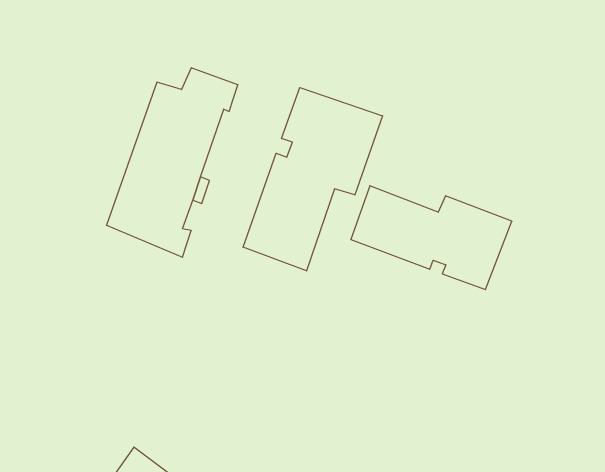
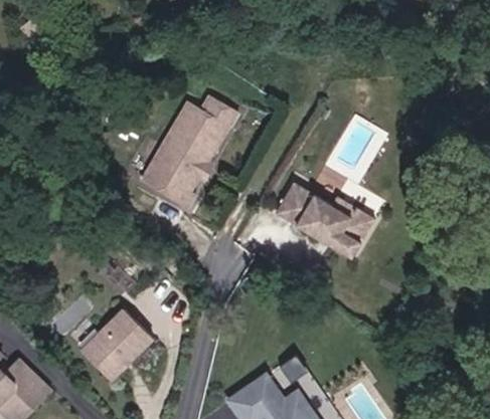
building: [243,88,383,271] -> none

